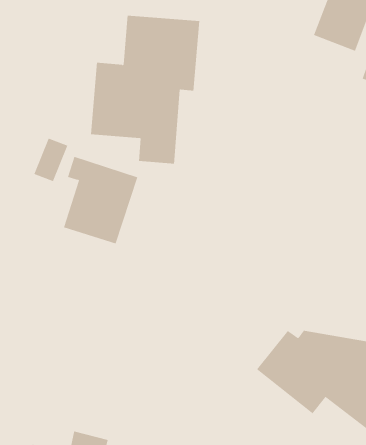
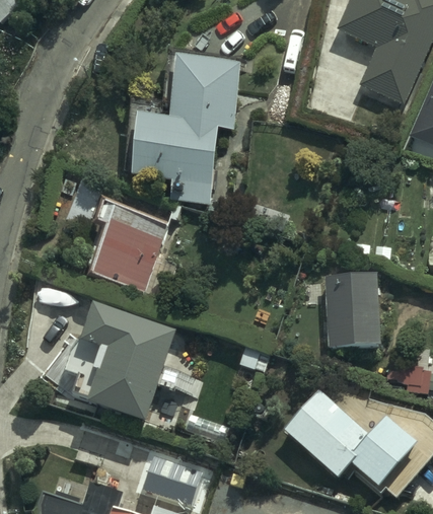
building: none -> [323,272,381,347]
building: none -> [63,308,175,428]

